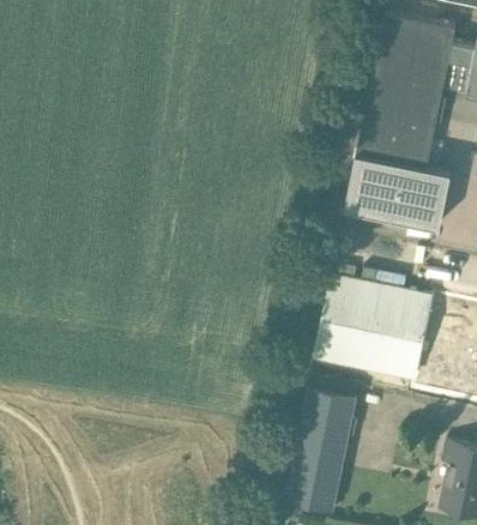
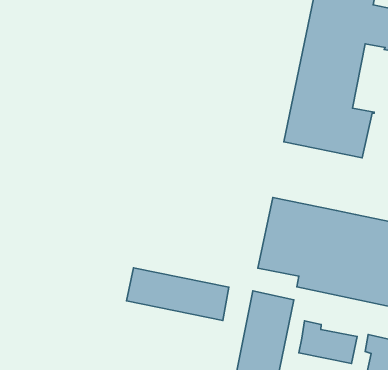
building: none -> [126,268,229,320]
building: none -> [299,321,357,364]

